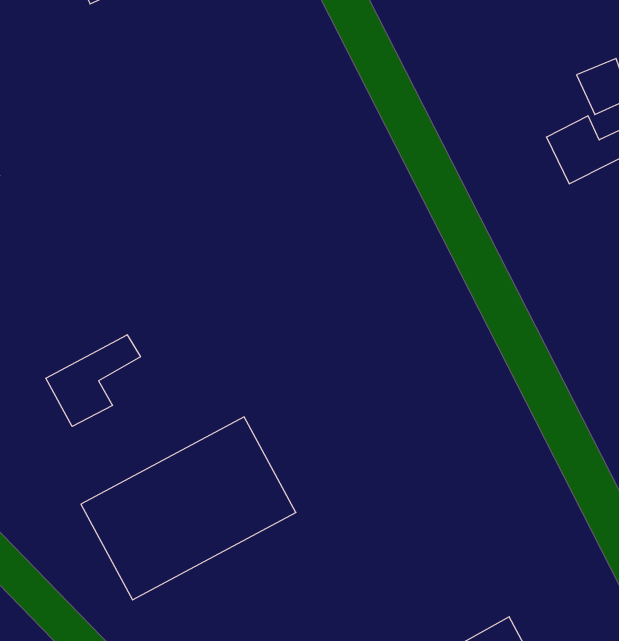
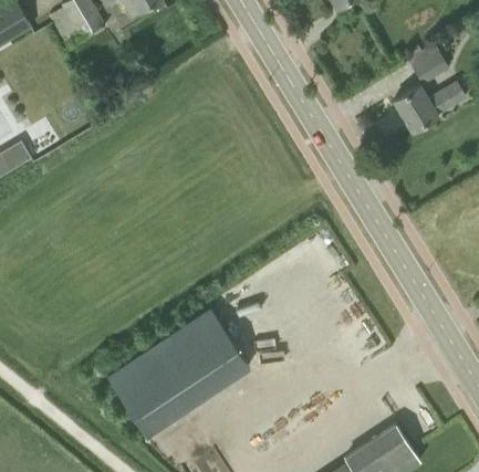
building: [46,335,140,426] -> none

